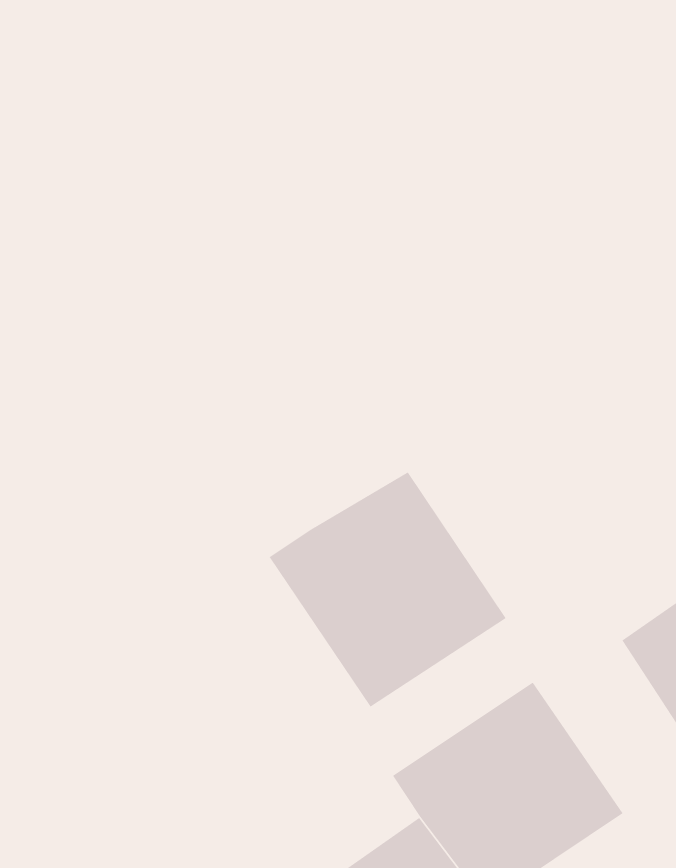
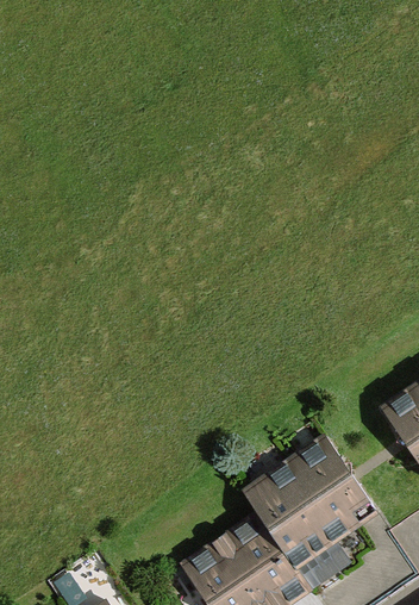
building: [269,471,506,707] -> none

